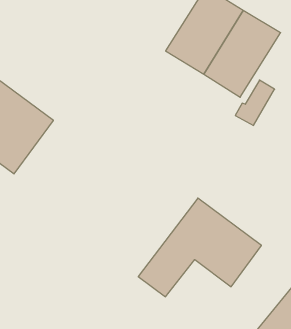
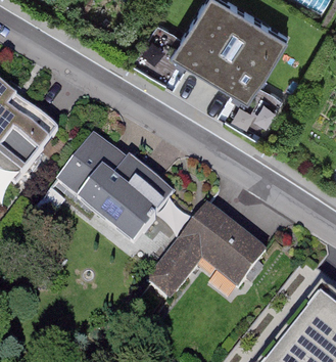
building: none -> [49,133,176,253]

